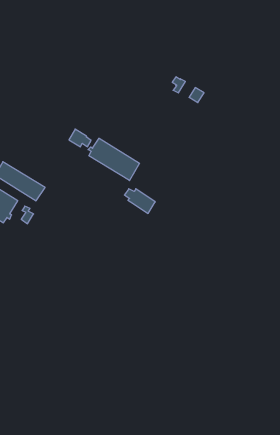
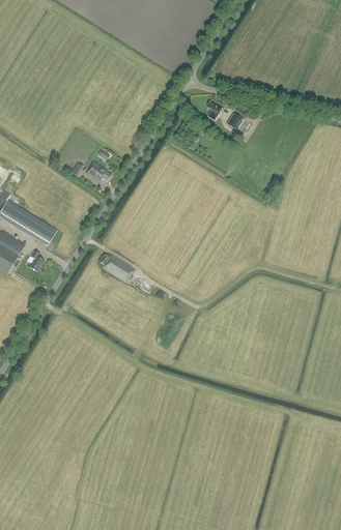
building: [88,138,139,181] -> none
building: [124,189,155,213] -> [97,255,134,284]

